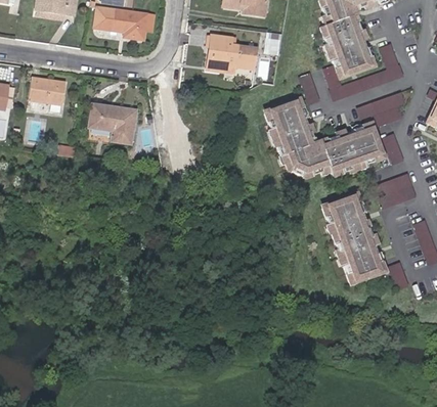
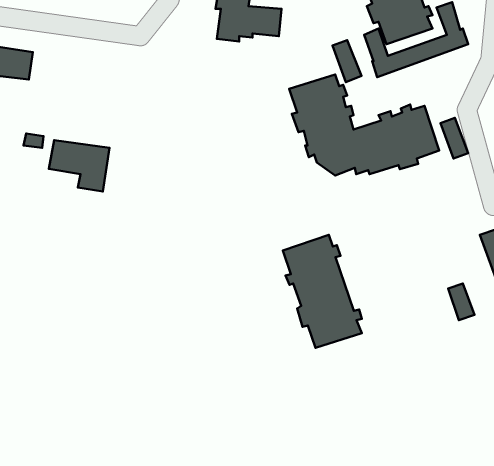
building: [357,92,406,128] -> none
building: [87,104,134,144] -> [49,140,109,191]
building: [374,173,418,210] -> none
building: [315,196,377,284] -> [283,235,362,348]

